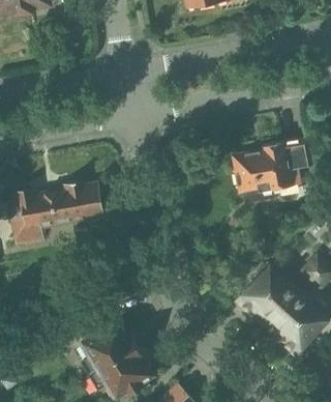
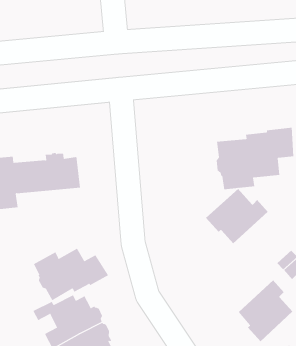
building: [240,268,302,324] -> [205,188,268,244]
building: none -> [33,248,109,301]

